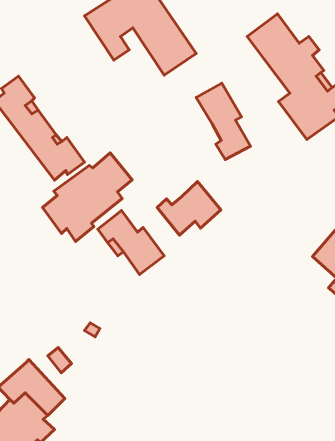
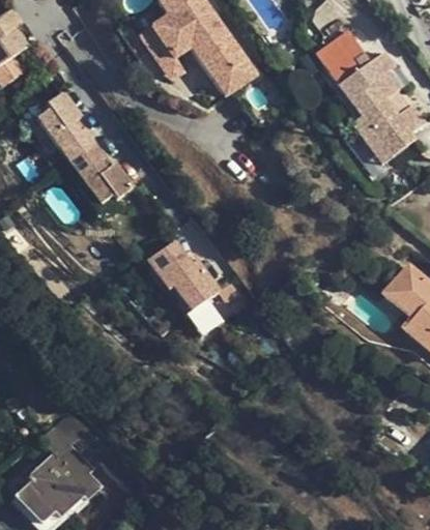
building: [196,83,250,160] -> none
building: [42,153,132,241] -> none
building: [157,181,221,235] -> none

